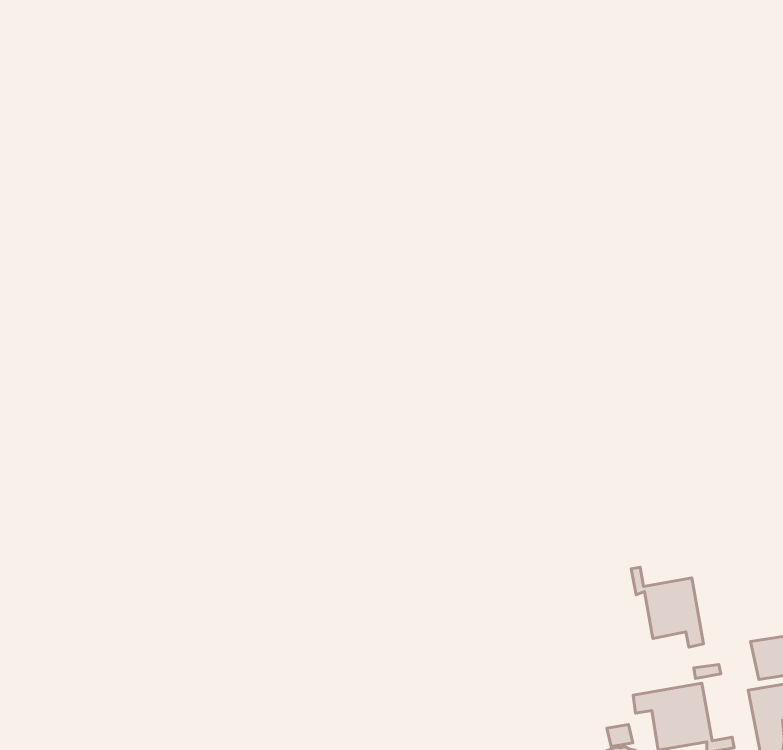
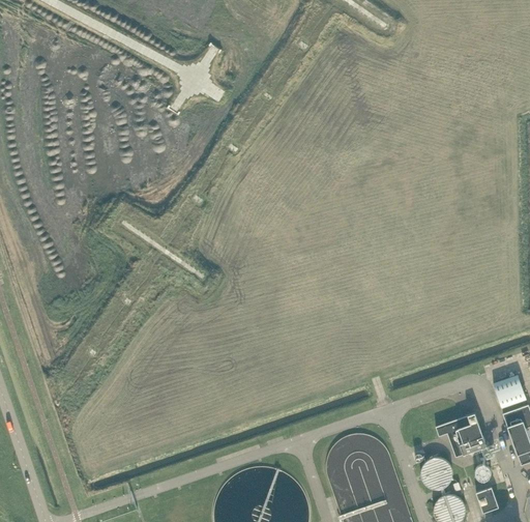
building: [631,567,704,647] -> none

